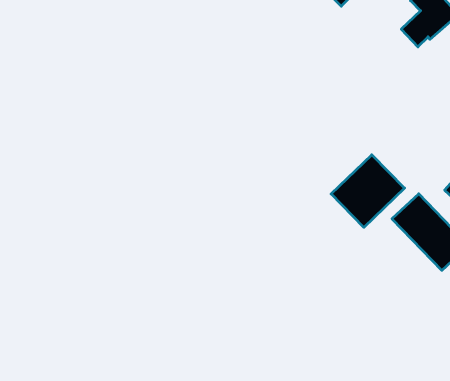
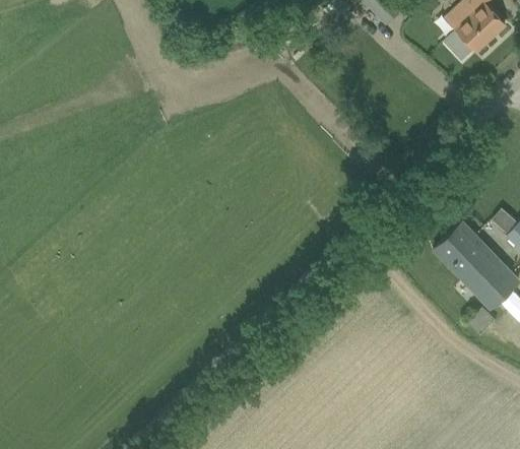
building: [331,155,405,227] -> none

